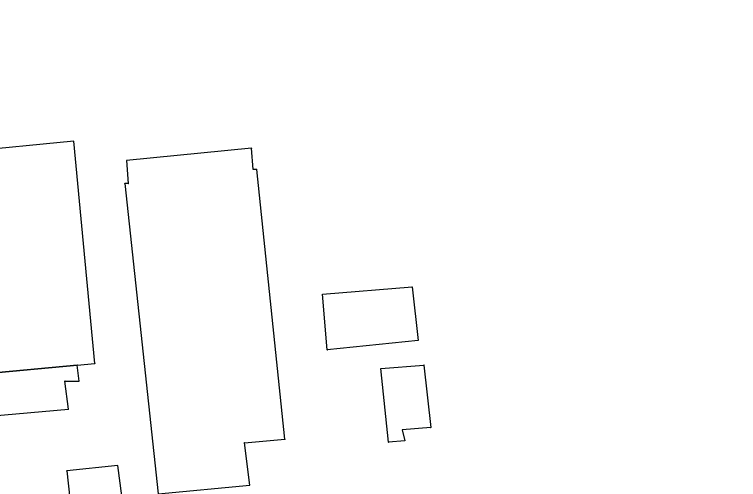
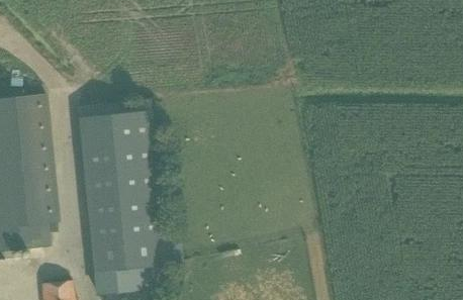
building: [323,287,418,350] -> none
building: [381,365,431,442] -> none

